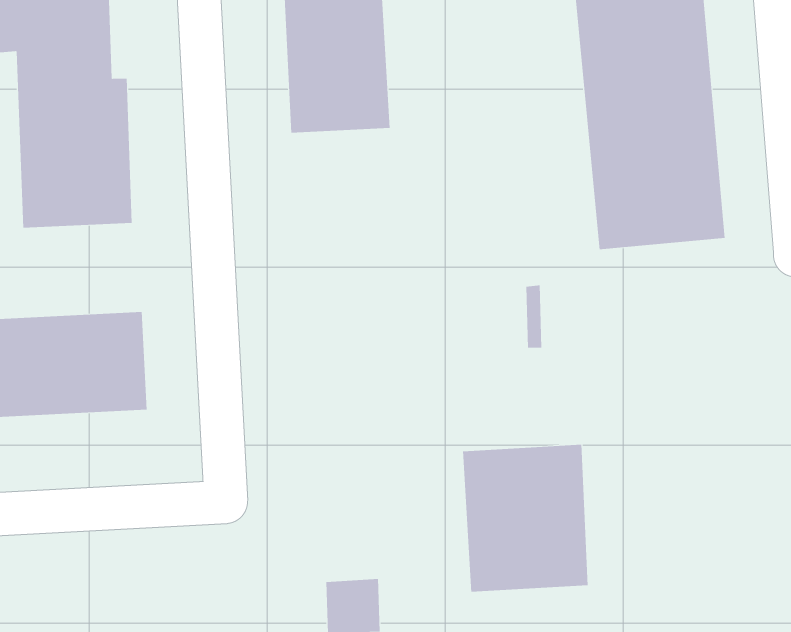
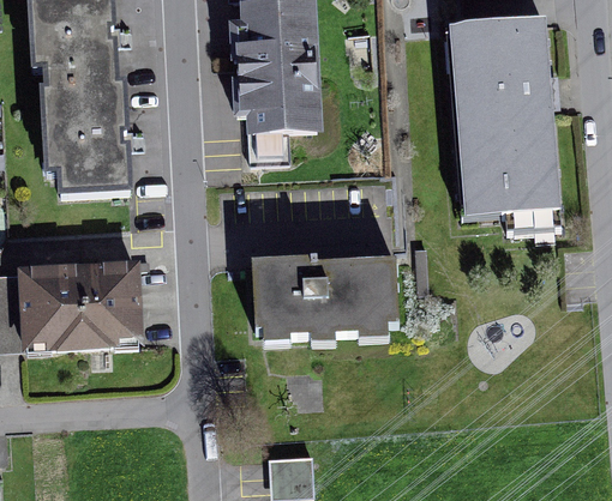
building: none -> [251,252,392,342]
building: [462,444,588,593] -> none

